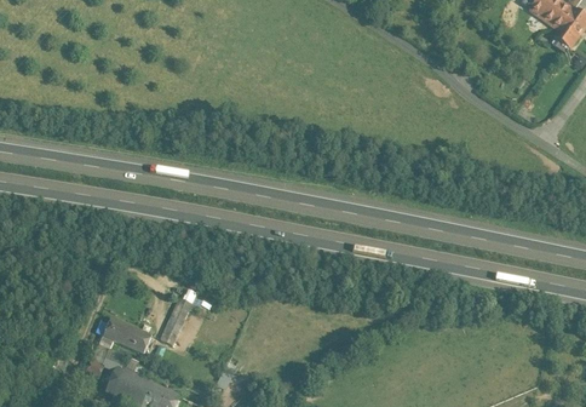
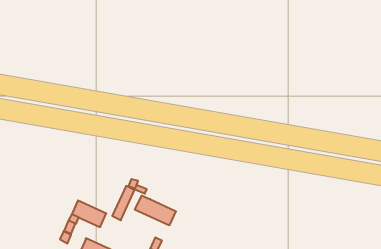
building: none -> [135,196,176,225]

